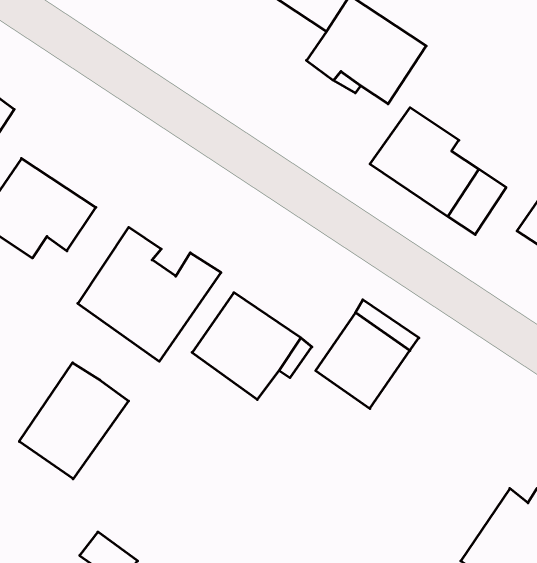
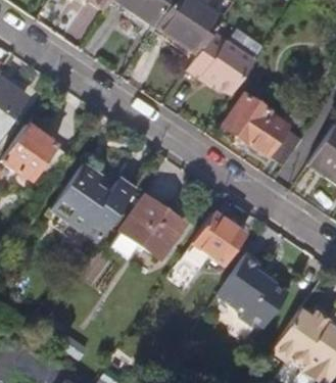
building: [19,363,129,479] -> none
building: none -> [215,255,287,328]

